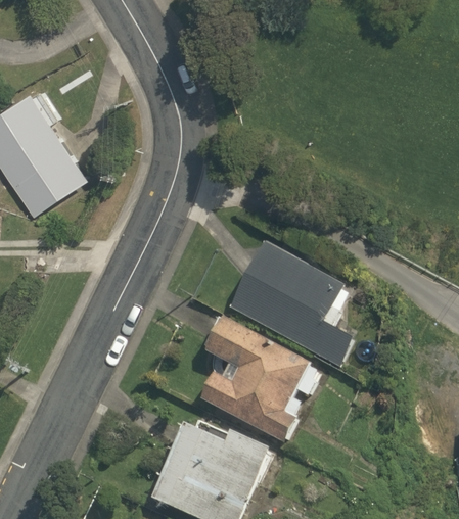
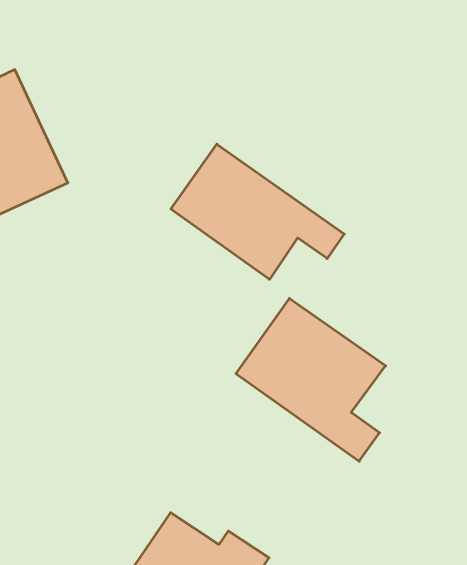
building: none -> [171,144,344,279]
building: [184,315,318,439] -> none

